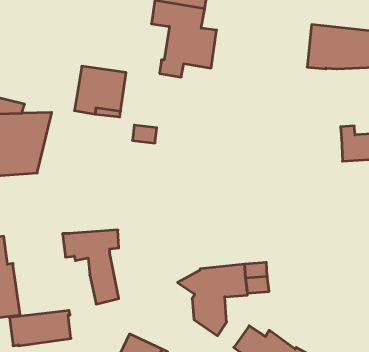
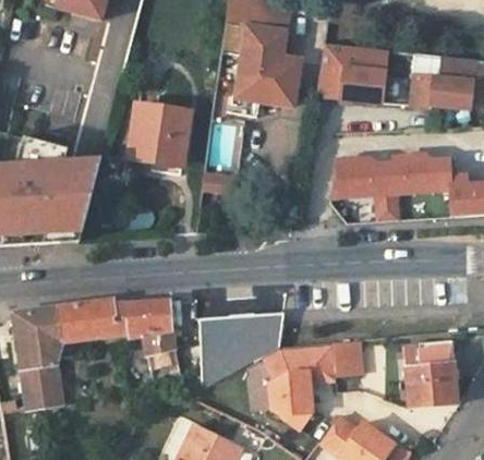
building: none -> [316,44,387,104]
building: none -> [336,157,449,222]
building: none -> [198,313,283,388]
building: none -> [397,342,457,409]
building: [9,310,71,346] -> [43,300,117,342]

